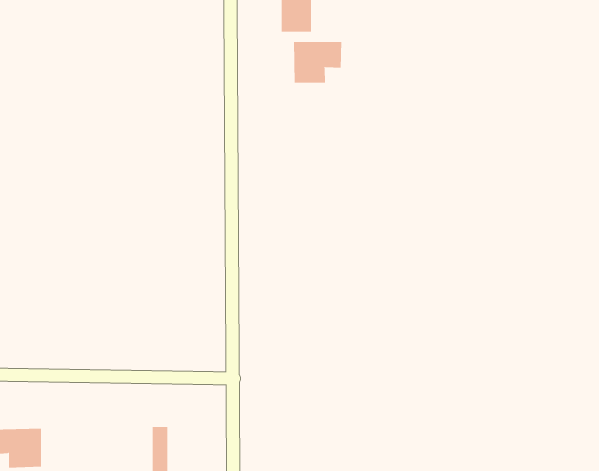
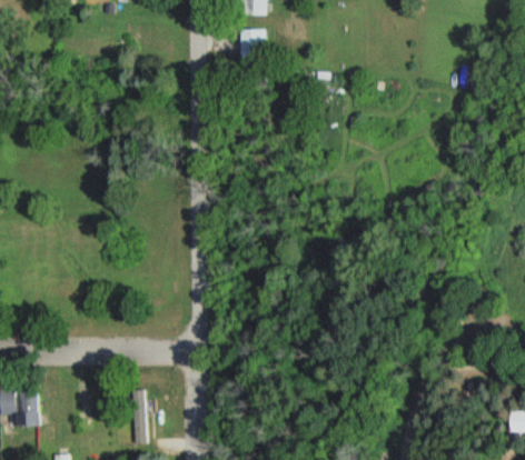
building: [293,41,342,84] -> none

